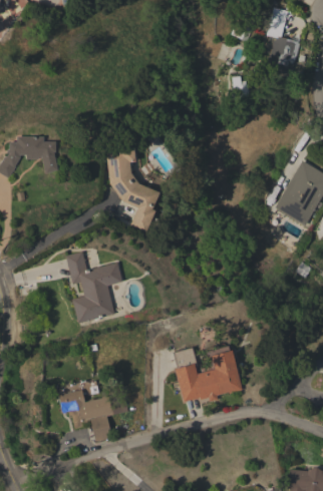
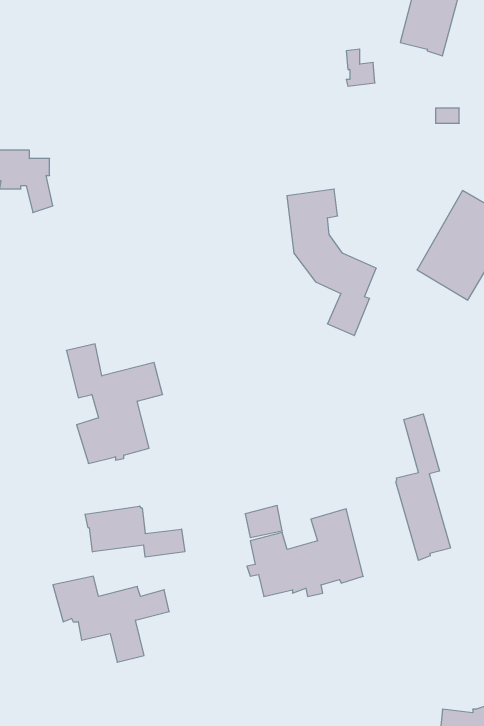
building: [106,145,159,232] -> [287,189,376,336]
building: none -> [396,414,450,560]
building: none -> [85,506,185,557]

